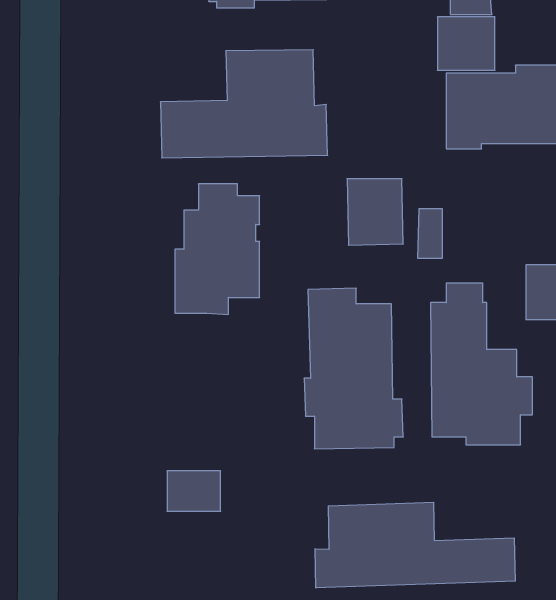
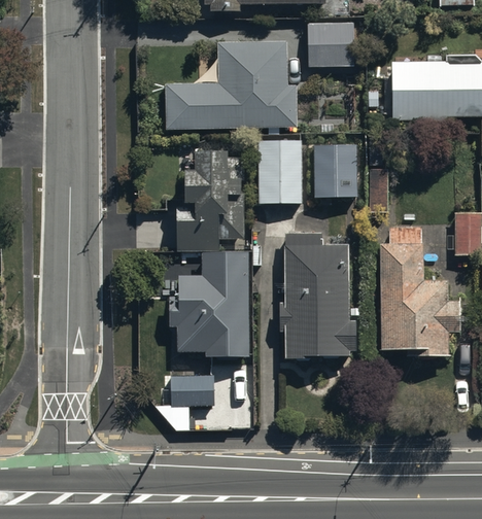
building: [437,17,495,70] -> [309,24,354,66]
building: none -> [259,140,301,203]
building: none -> [169,251,248,355]
building: [315,502,515,588] -> none

